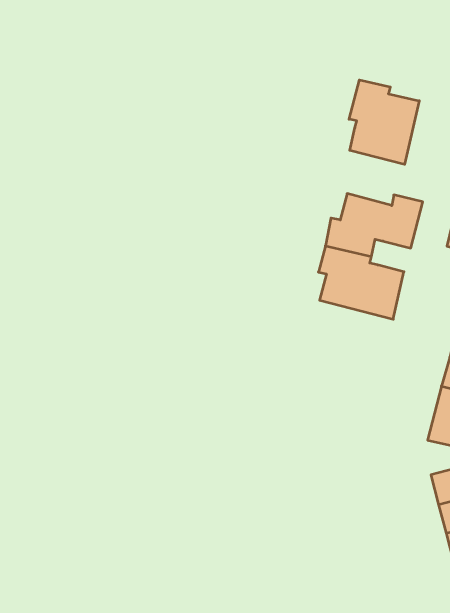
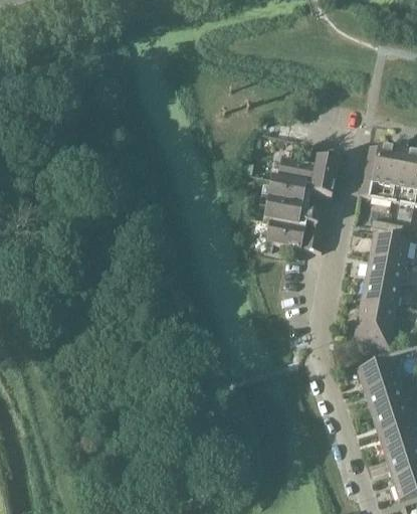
building: [349,80,419,164] -> none

